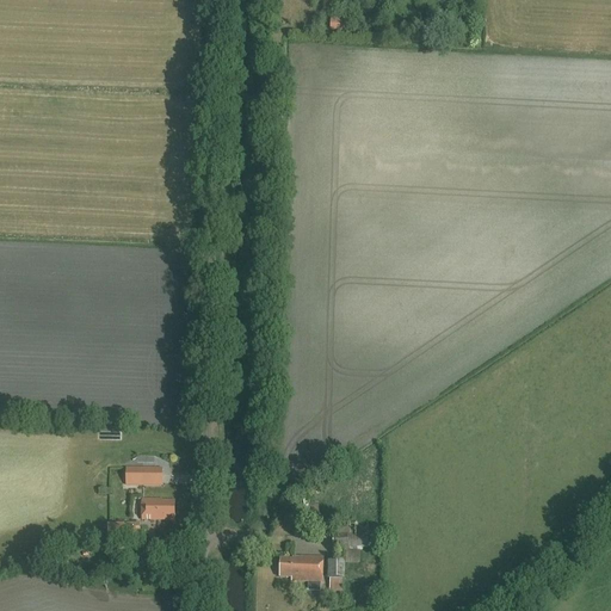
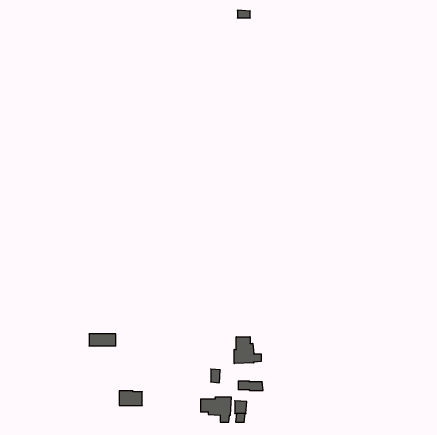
building: none -> [234,337,261,364]
building: [141,496,173,517] -> [119,391,142,405]

